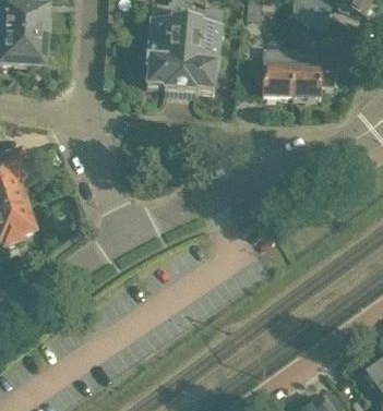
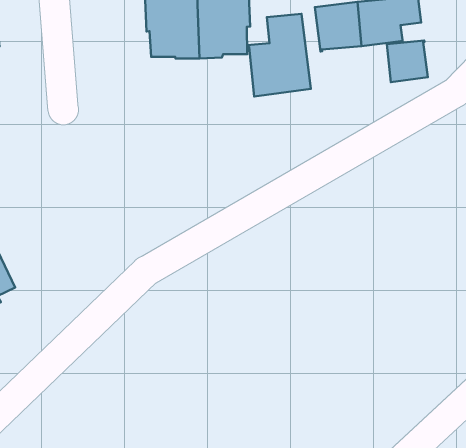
building: none -> [247,14,311,97]
building: none -> [387,41,428,82]

